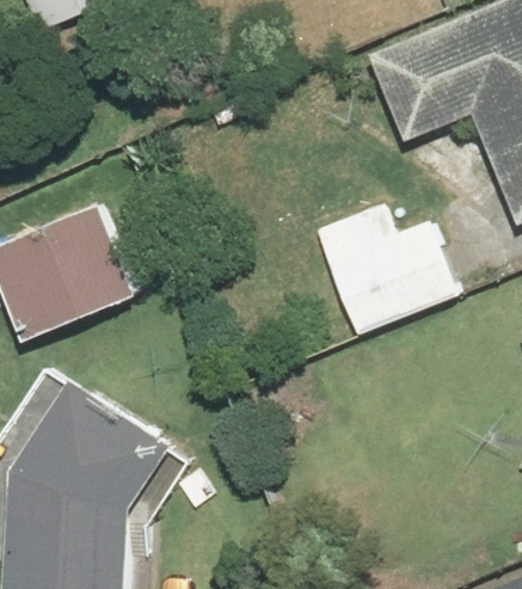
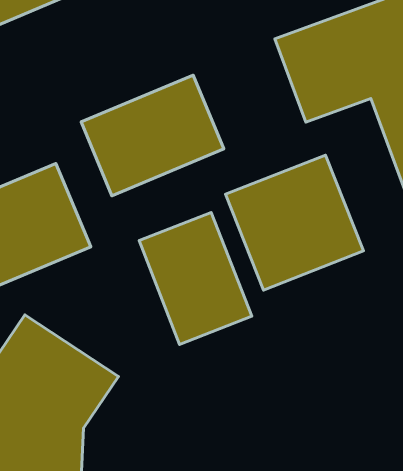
building: none -> [81,75,224,196]
building: none -> [139,212,252,344]

